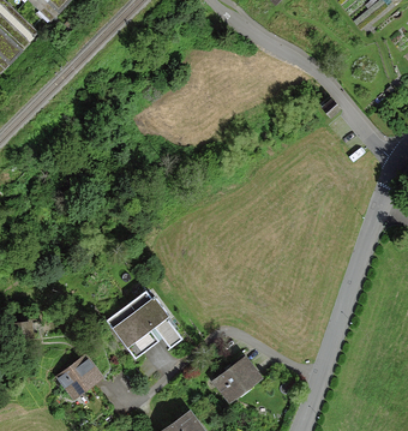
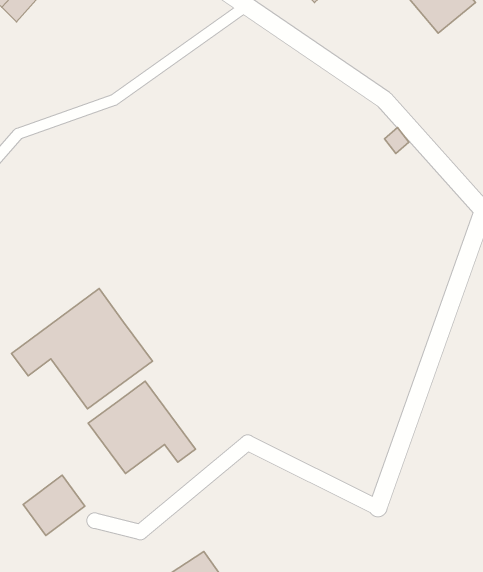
building: none -> [11,289,152,409]
building: [214,352,262,397] -> none

